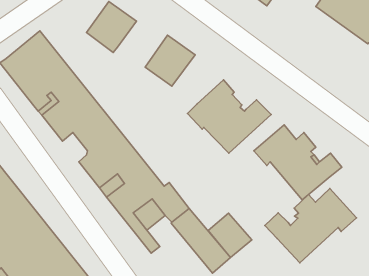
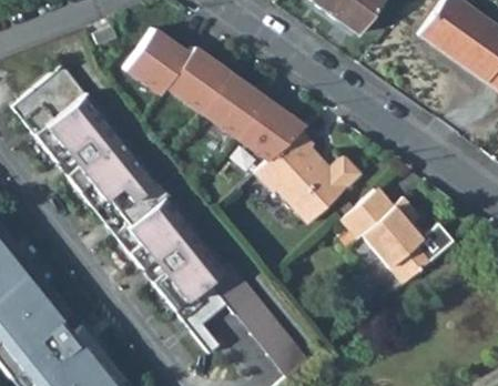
building: none -> [164,47,228,112]
building: none -> [234,96,304,160]
building: [265,189,357,263] -> none
building: [208,213,252,258] -> none

